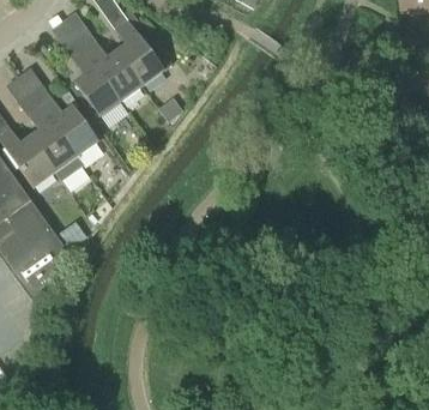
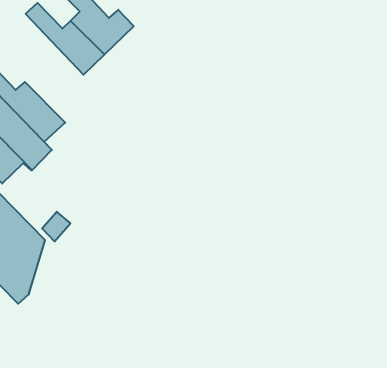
building: [64,37,120,115] -> none

